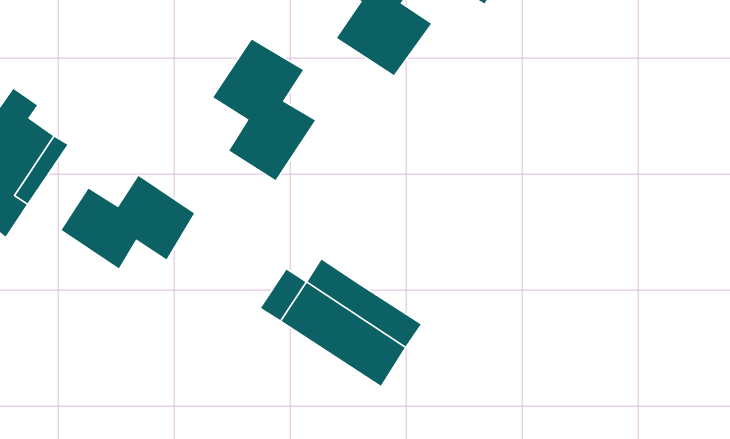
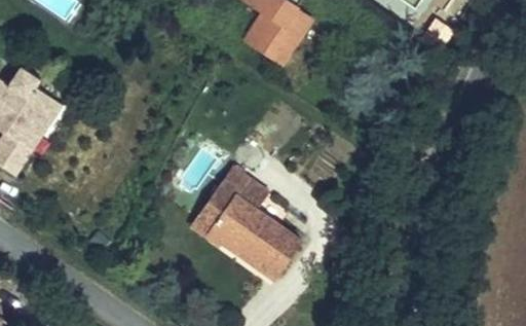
building: [212,39,316,181] -> none
building: [60,175,195,269] -> none
building: none -> [211,162,269,202]

